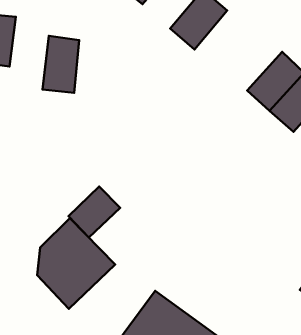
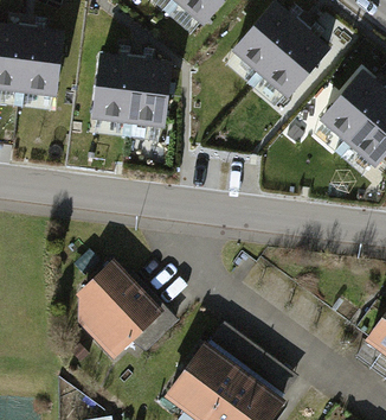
building: none -> [257,27,321,94]
building: none -> [122,61,162,123]
building: [68,187,120,238] -> none

